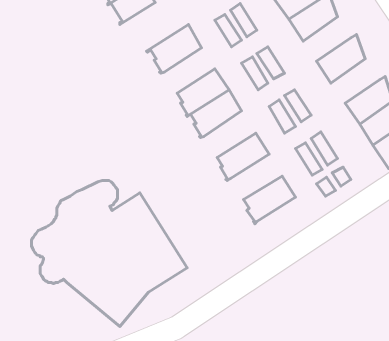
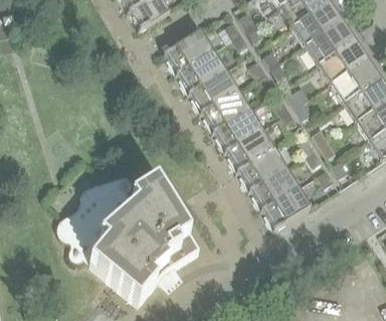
building: none -> [305,21,348,64]
building: none -> [178,52,224,96]
building: none -> [330,59,374,103]
building: none -> [214,110,261,154]
building: none -> [238,149,285,192]
building: none -> [262,188,311,231]

